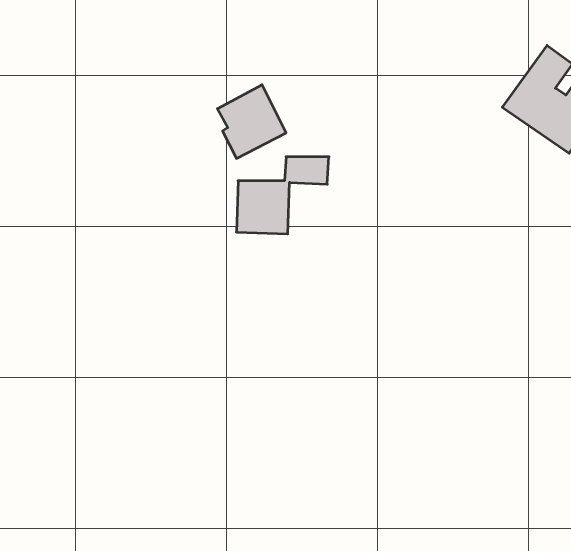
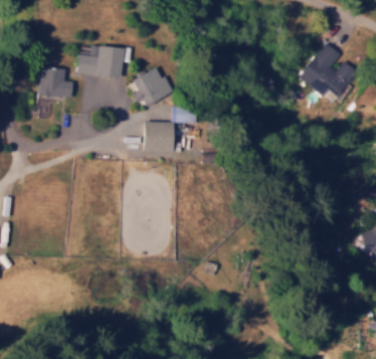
building: none -> [76,45,124,78]
building: none -> [36,67,72,107]

